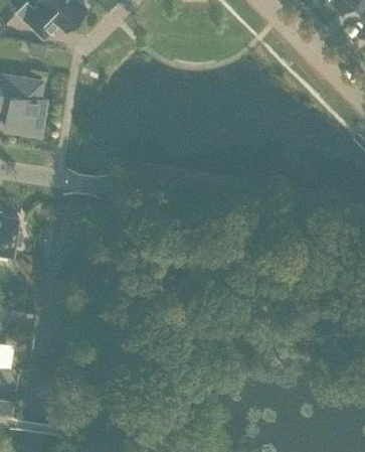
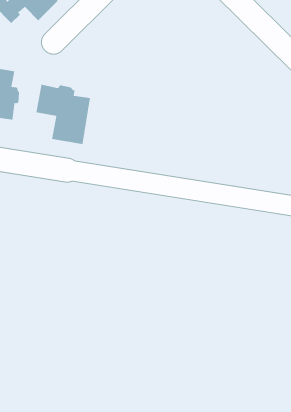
building: none -> [36,84,90,145]

